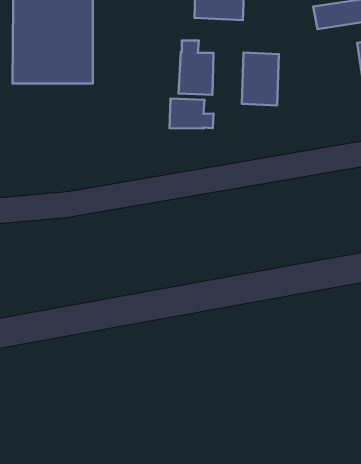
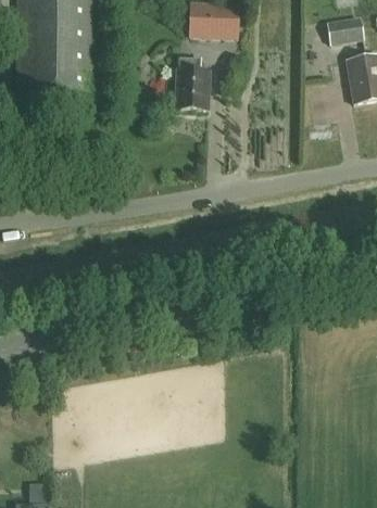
building: [242,53,279,105] -> none
building: [169,99,214,129] -> none

